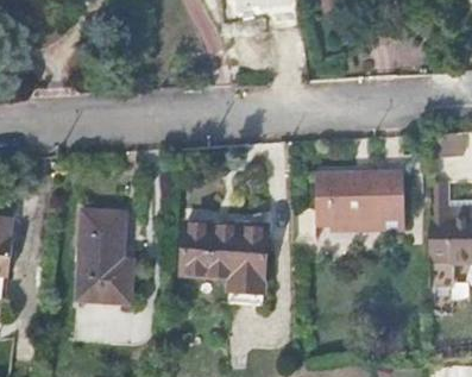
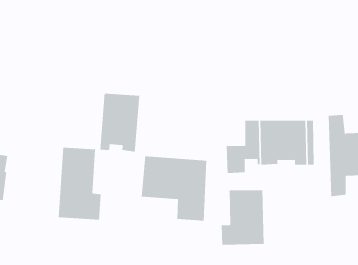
building: none -> [100,93,140,153]
building: none -> [221,189,264,245]

